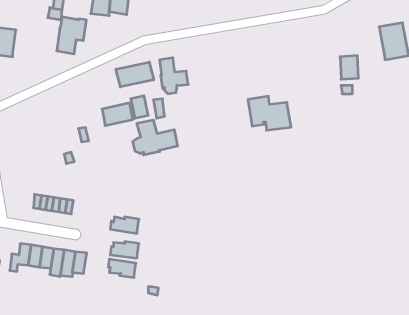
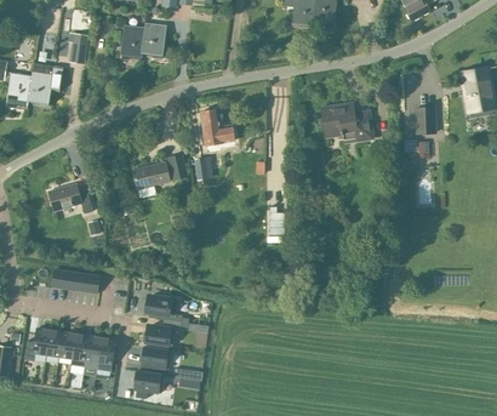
building: [57,17,86,54] -> [27,62,62,106]
building: [116,62,154,87] -> none
building: [248,96,291,130] -> [321,103,372,143]
building: [133,120,178,155] -> none
building: none -> [47,183,92,212]
building: none -> [132,370,165,393]

